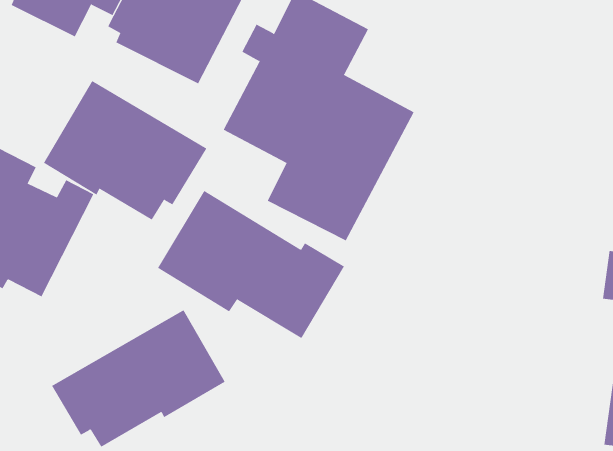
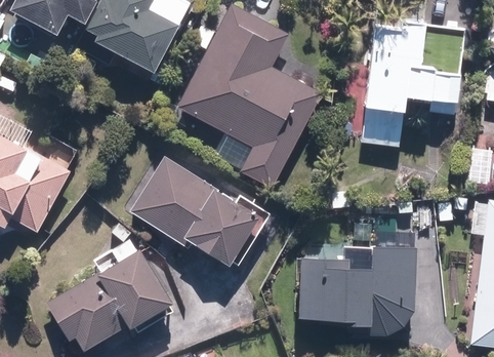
building: none -> [364,24,463,147]
building: [43,80,207,220] -> none
building: none -> [302,239,418,332]

